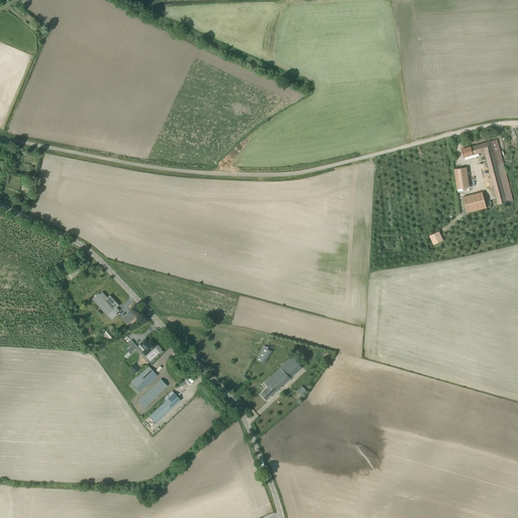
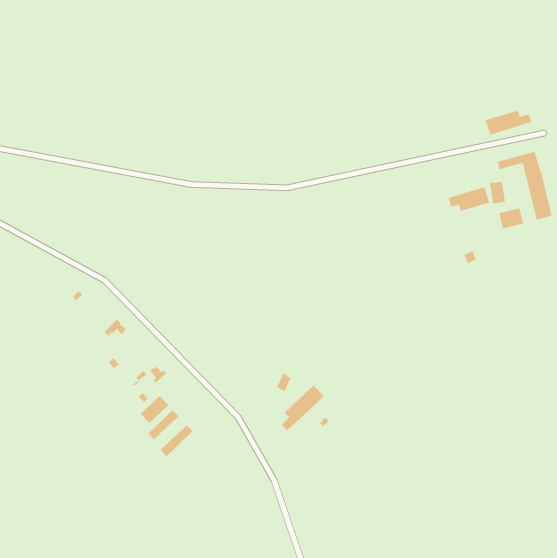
building: none -> [485,110,532,135]
building: none -> [448,186,490,212]

